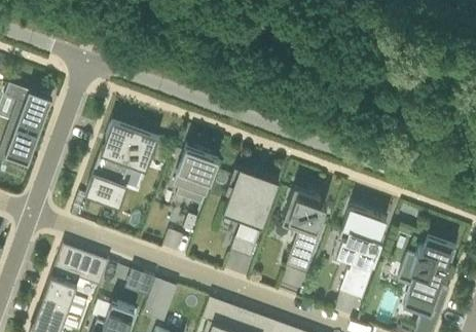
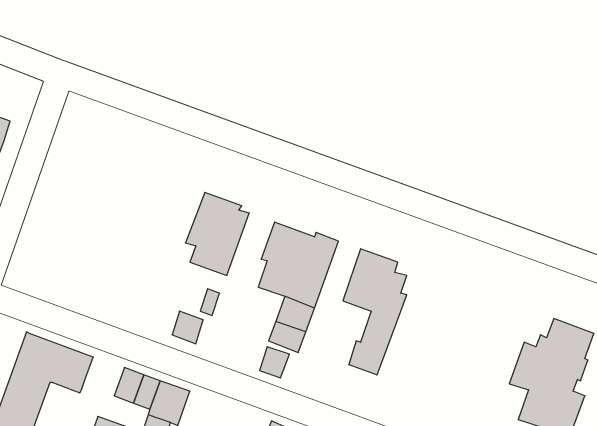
building: [84,119,158,208] -> none
building: [336,207,386,298] -> none

